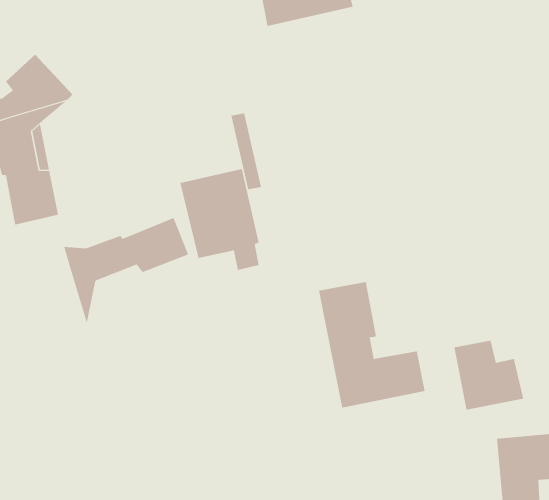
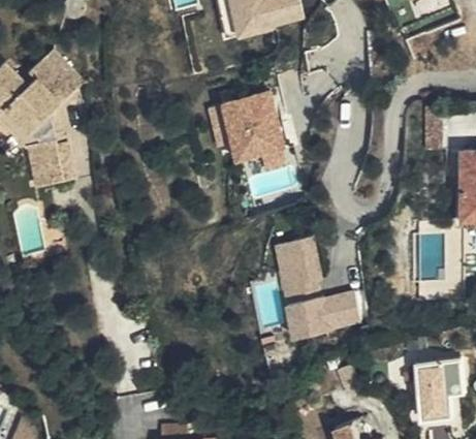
building: [180,168,259,270] -> [220,90,283,170]
building: [63,217,189,325] -> none
building: [454,340,524,411] -> none

